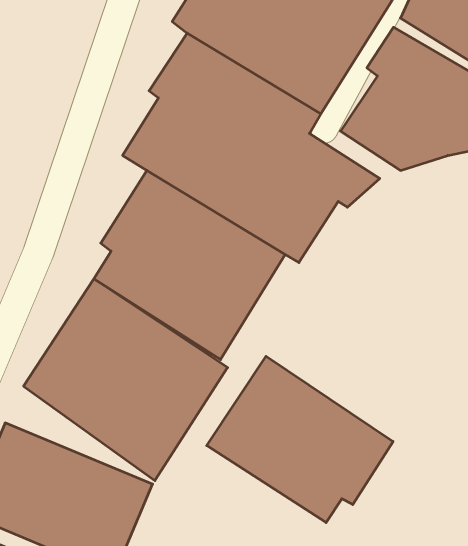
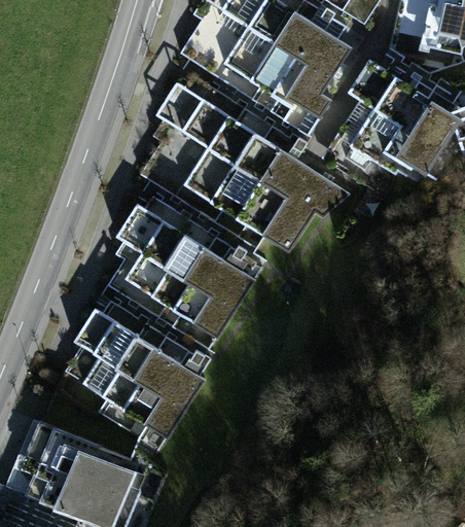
building: [207,356,393,523] -> none

